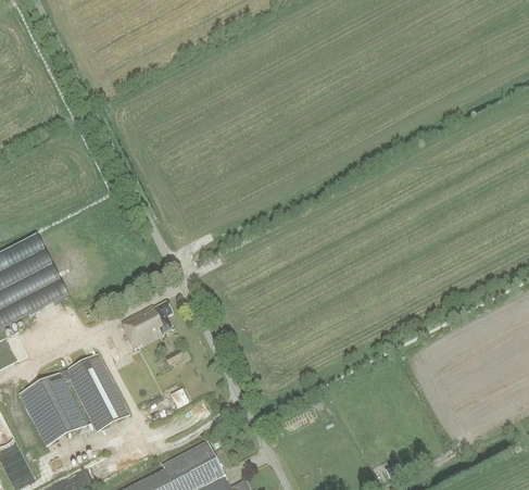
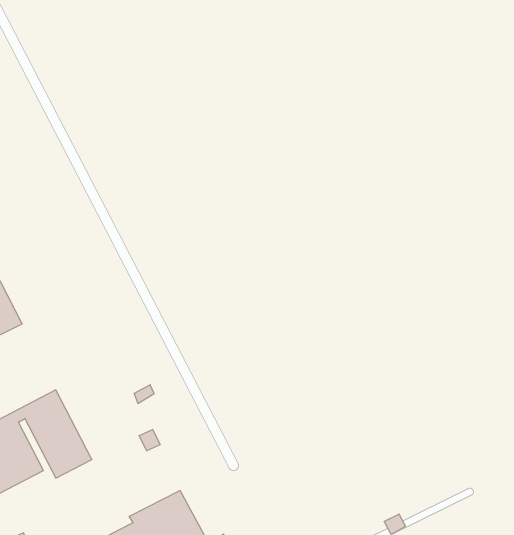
building: [121,300,173,348] -> none

